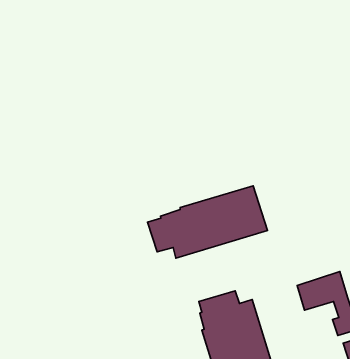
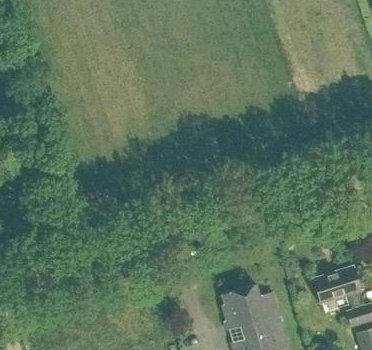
building: [147,186,267,258] -> none

